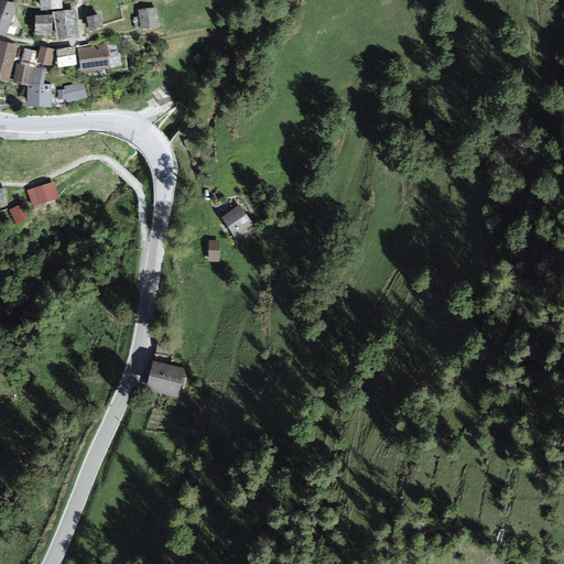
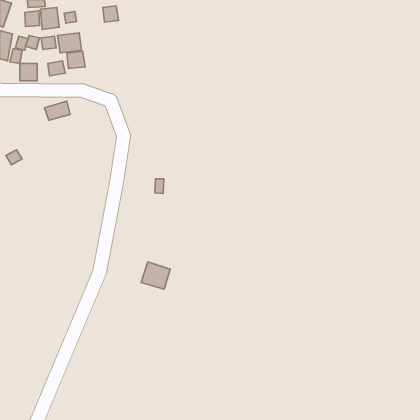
building: none -> [67,51,85,68]
building: [24,180,58,205] -> [45,101,70,120]
building: [220,203,251,234] -> none
building: [144,358,183,394] -> [141,262,170,289]

